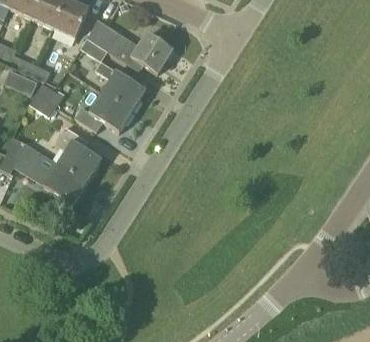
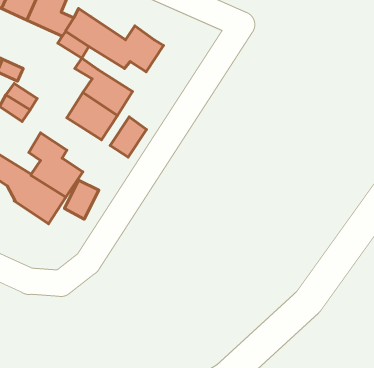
building: none -> [110,117,146,157]
building: none -> [64,180,99,219]

